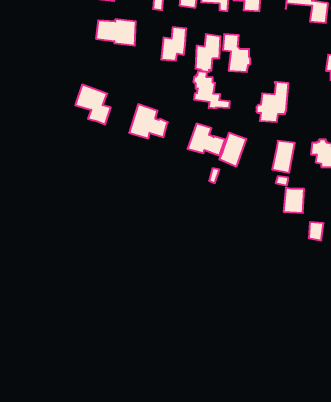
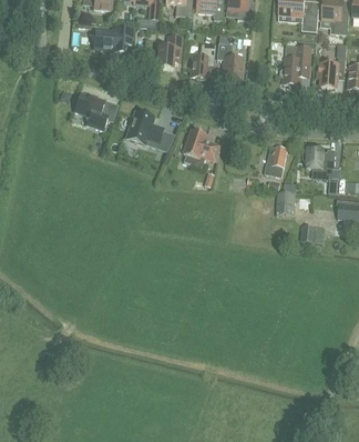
building: [194,71,230,108] -> none
building: [256,82,288,122] -> [280,46,311,84]
building: [219,133,246,167] -> none

